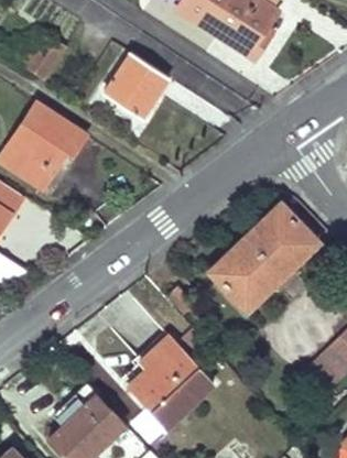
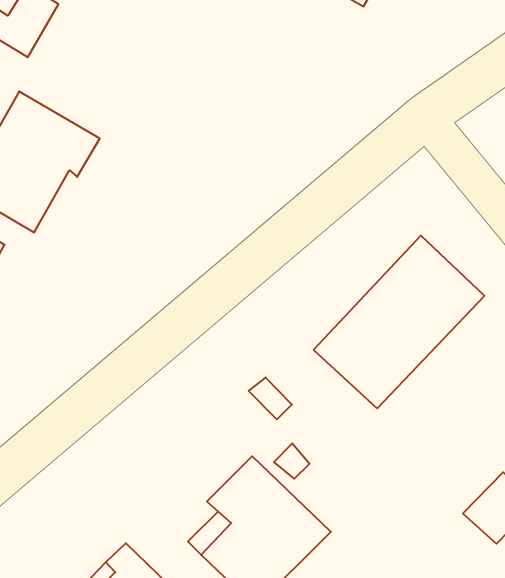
building: [105,55,169,119] -> none

